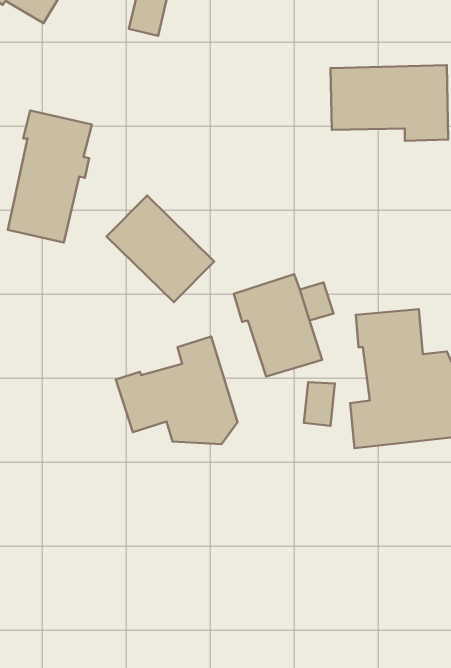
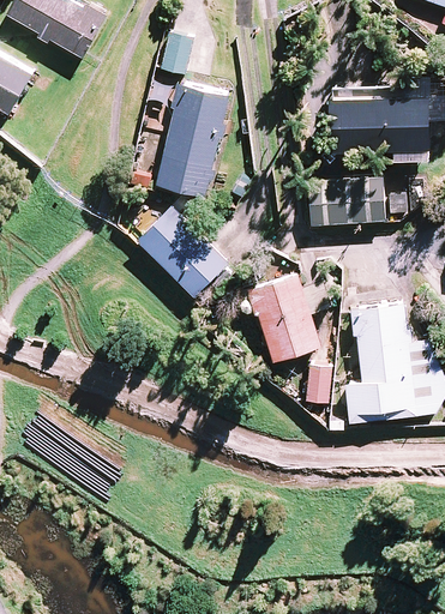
building: [8,111,92,242] -> [157,84,229,197]
building: none -> [307,176,385,227]
building: [116,336,237,444] -> none

